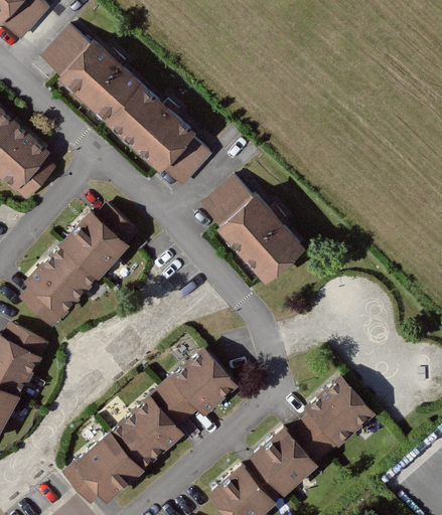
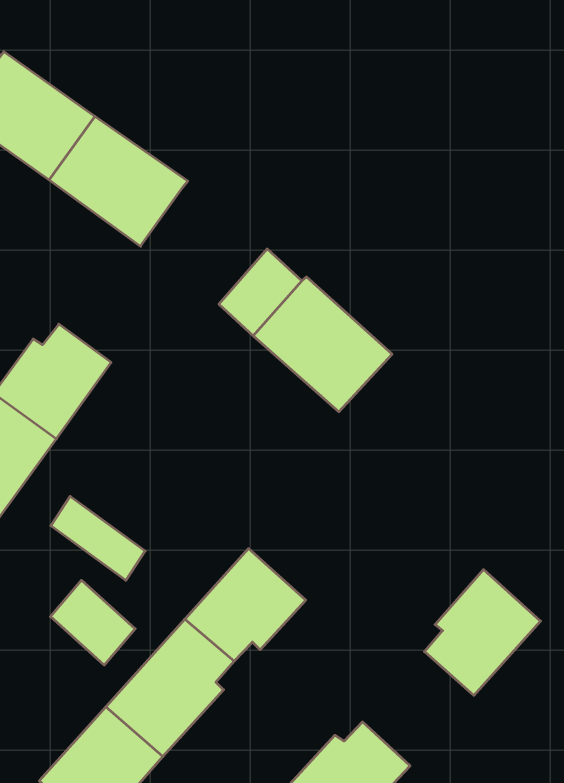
building: [160,134,209,184] -> none
building: none -> [51,496,145,580]
building: none -> [50,580,135,665]
building: [254,423,326,490] -> none

